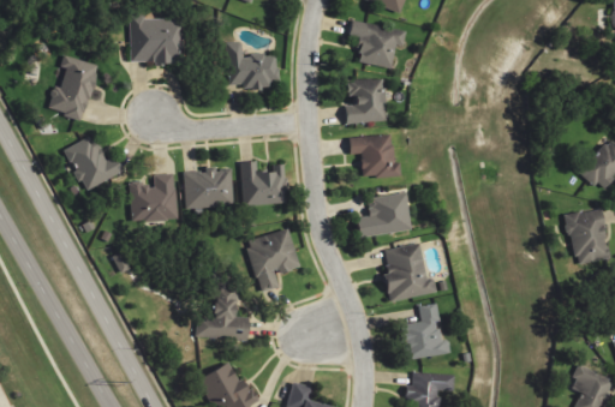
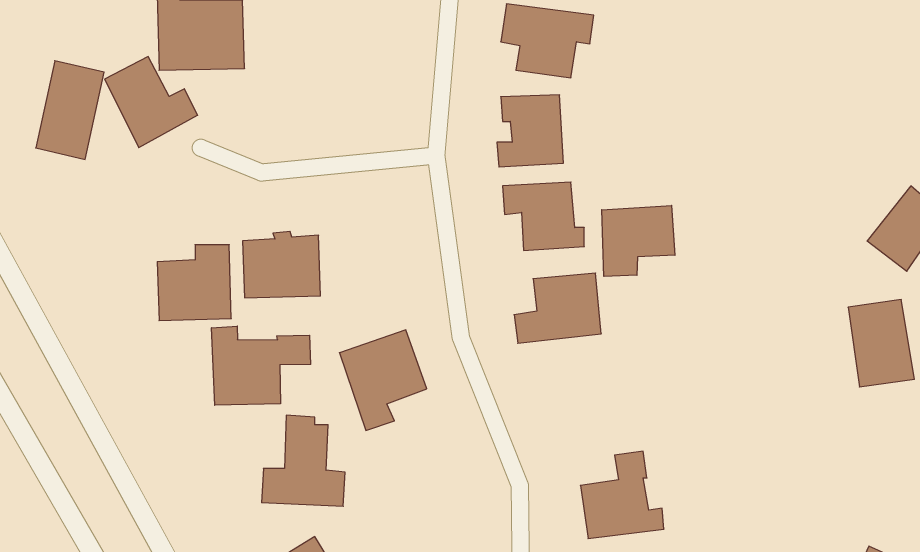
building: [227,41,277,88] -> none
building: [62,133,121,191] -> [105,57,198,148]
building: none -> [602,205,675,276]
building: [243,160,287,204] -> none
building: none -> [212,326,311,405]
building: [381,244,436,301] -> none

